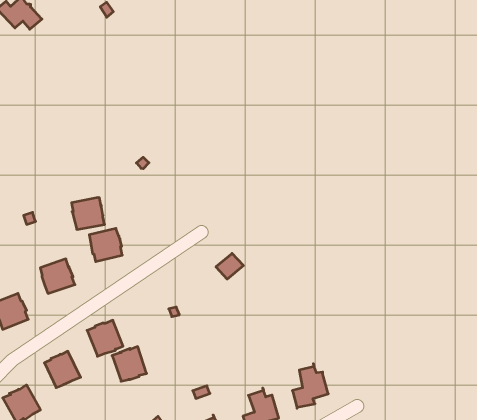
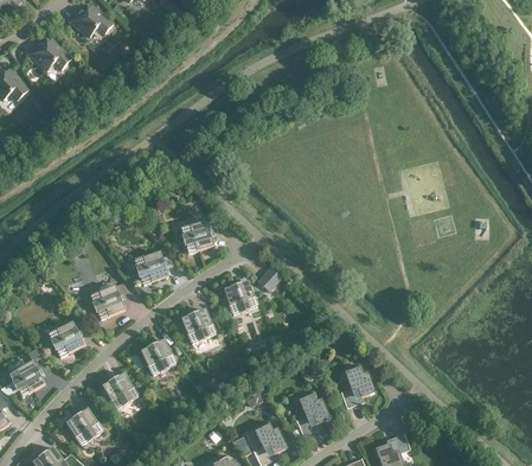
building: [72,198,105,229] -> [180,221,213,253]
building: none -> [223,281,256,314]
building: [112,347,147,381] -> [180,308,214,343]

